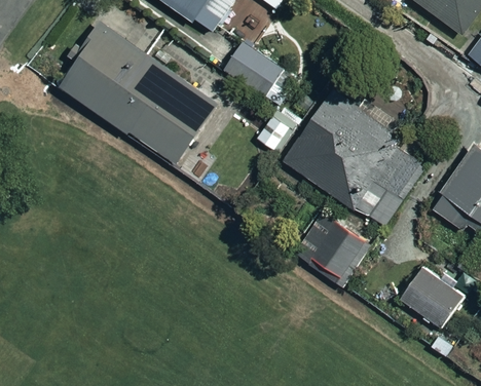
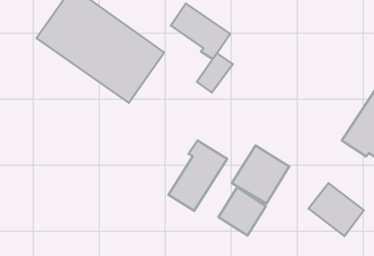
building: [283,89,427,228] -> none
building: none -> [169,140,227,211]
building: none -> [218,187,266,235]

